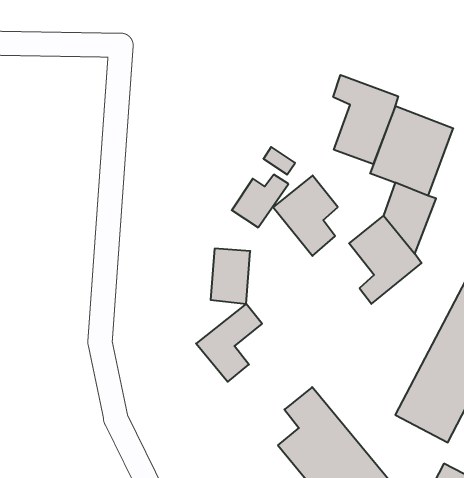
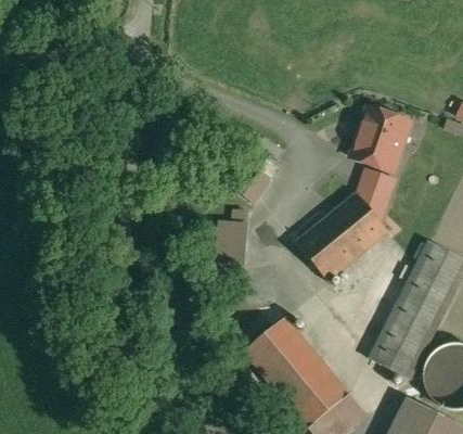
building: [333,75,398,164] -> none
building: [273,175,338,256] -> [296,215,349,281]
building: [196,304,262,382] -> [244,317,298,381]

